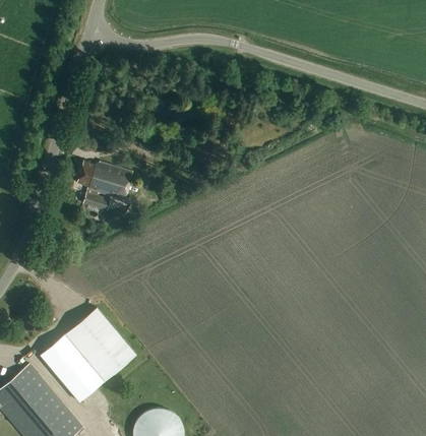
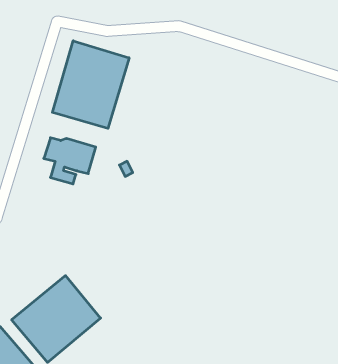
building: none -> [52,41,129,128]

